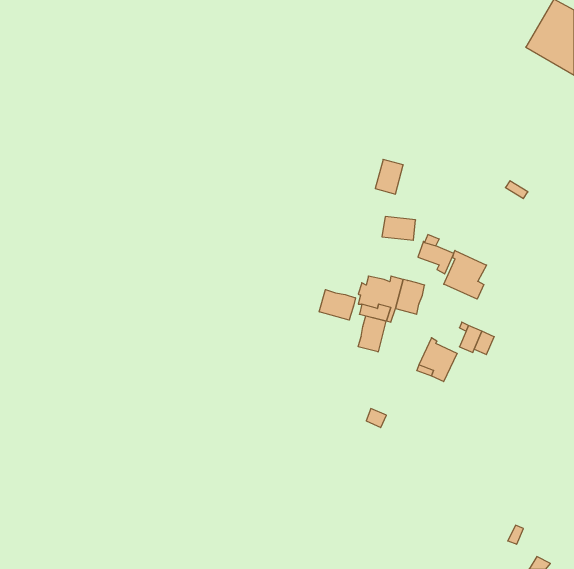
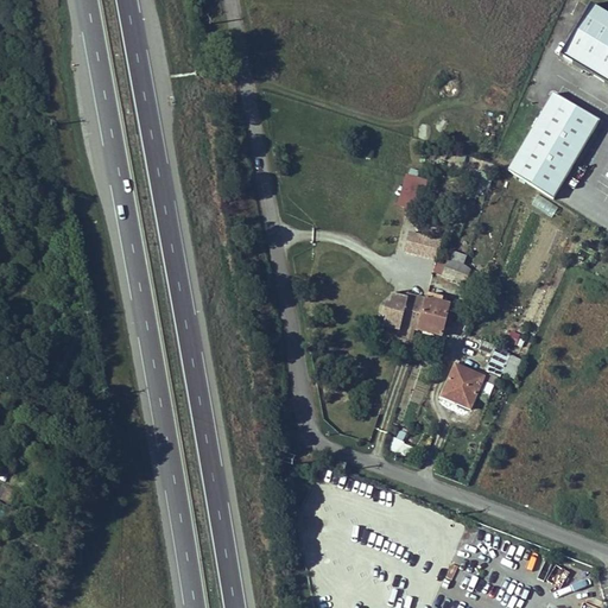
building: none -> [508,93,602,196]
building: [444,250,487,299] -> none
building: [319,290,355,320] -> none
building: [358,316,386,352] -> none

